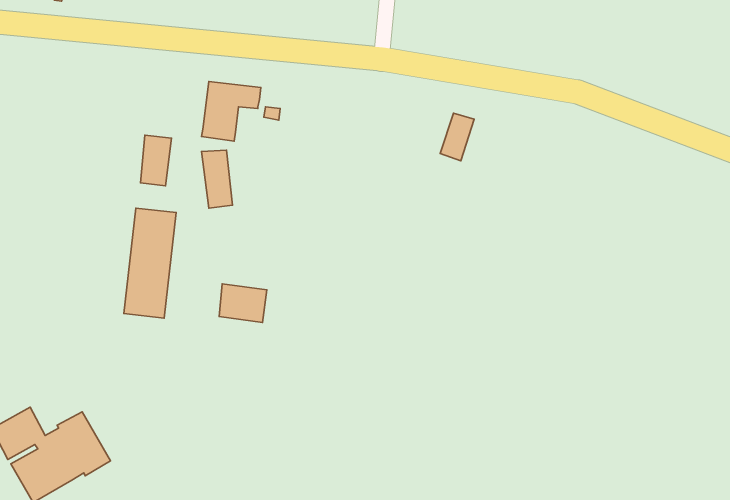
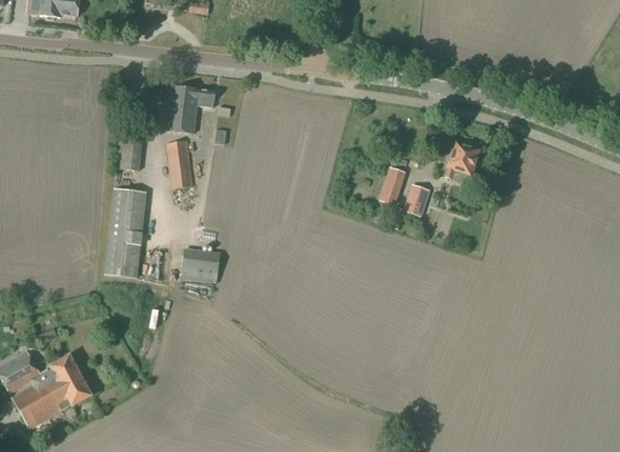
building: [440,113,474,161] -> [379,166,407,205]
building: none -> [444,141,480,183]
building: none -> [403,182,431,221]

